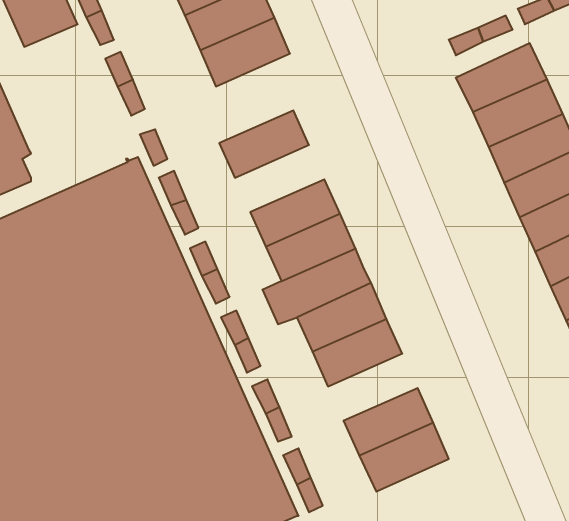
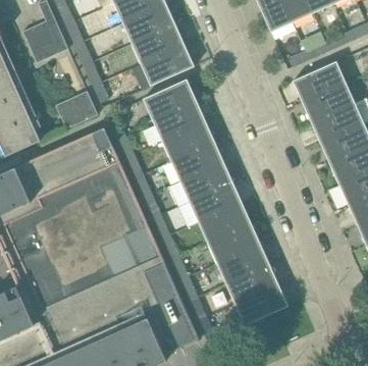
building: none -> [143,79,196,119]
building: none -> [55,91,99,129]
building: none -> [161,120,214,160]
building: none -> [216,244,269,283]

